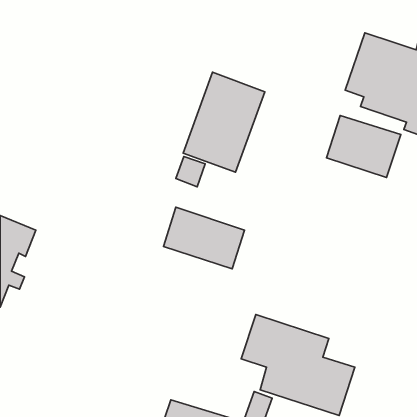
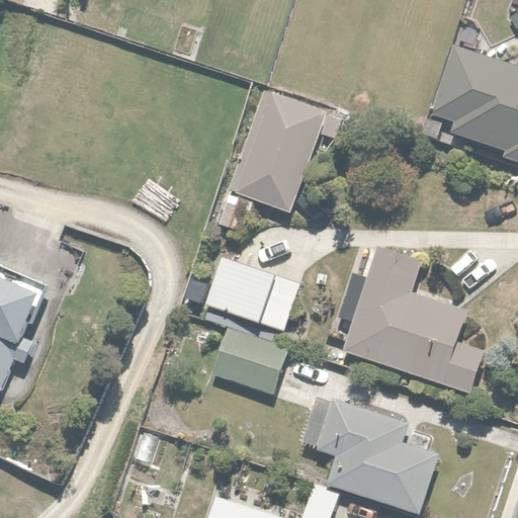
building: [326,115,401,178] -> none
building: none -> [337,245,488,394]
building: none -> [211,329,289,396]

